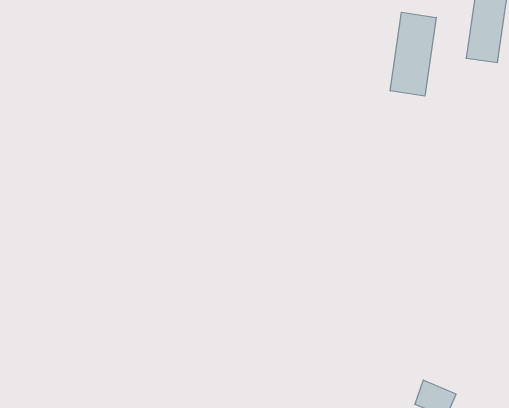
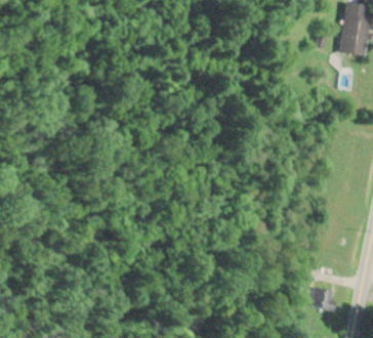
building: [390,12,436,96] -> none

